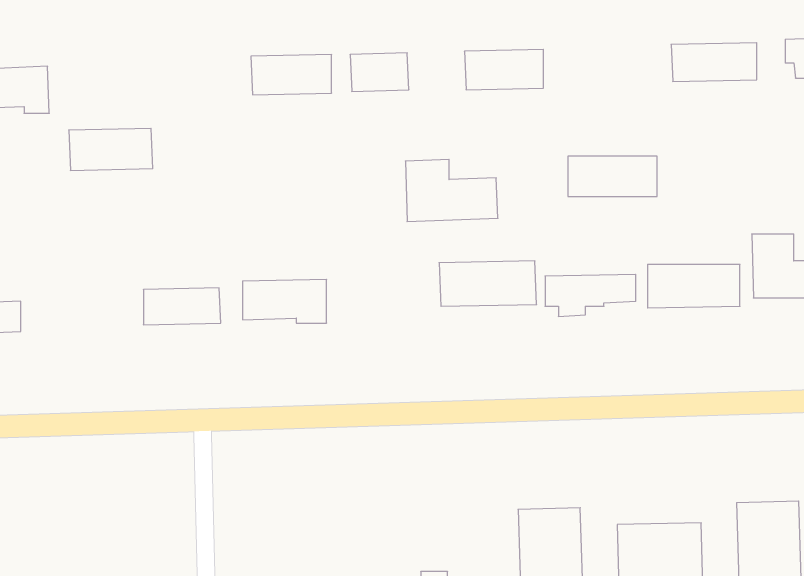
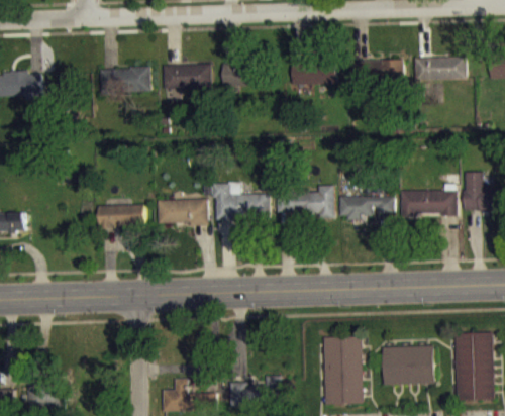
building: [69,128,153,170] -> [100,68,150,93]
building: [568,156,657,196] -> [350,60,404,84]
building: [405,159,498,222] -> [213,182,269,219]

